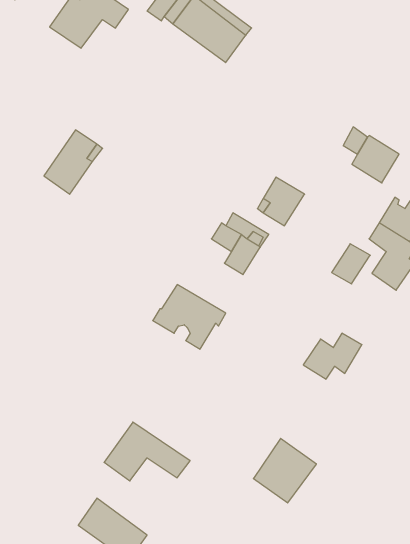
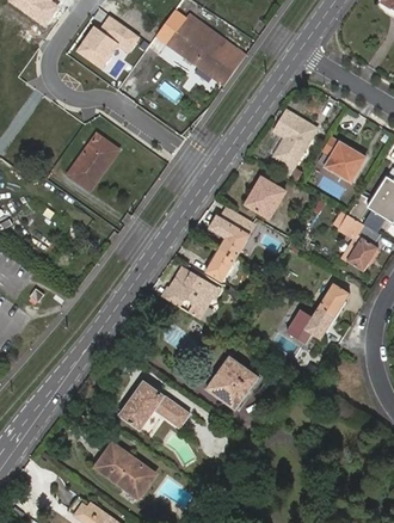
building: none -> [271,109,316,168]
building: [332,244,370,284] -> [316,283,349,316]
building: none -> [204,248,234,282]
building: [253,438,316,503] -> [207,356,259,410]

